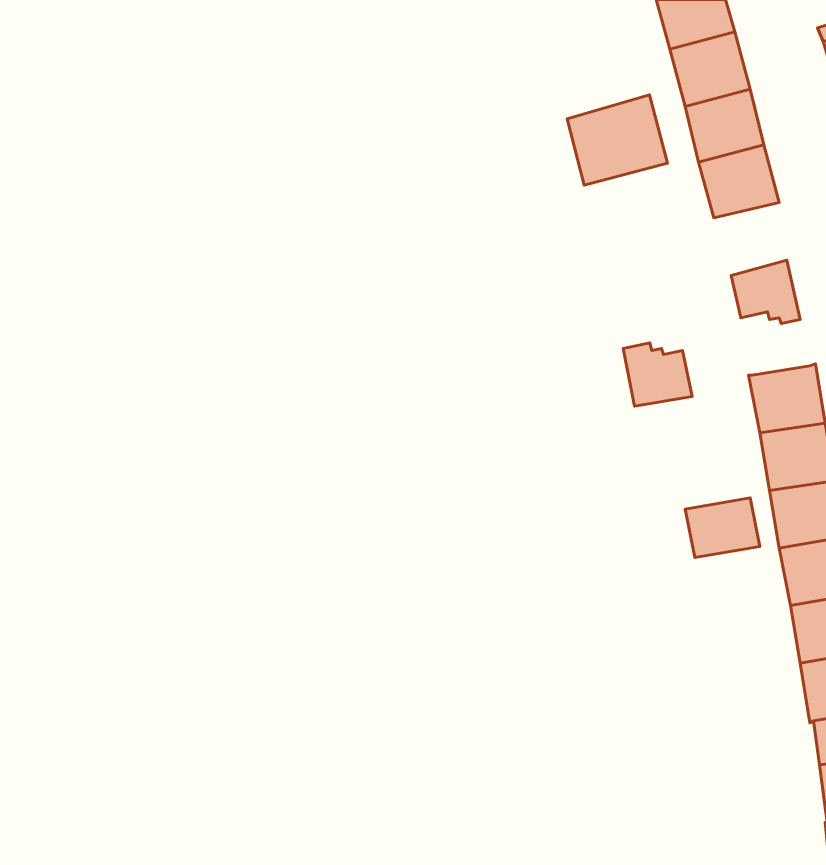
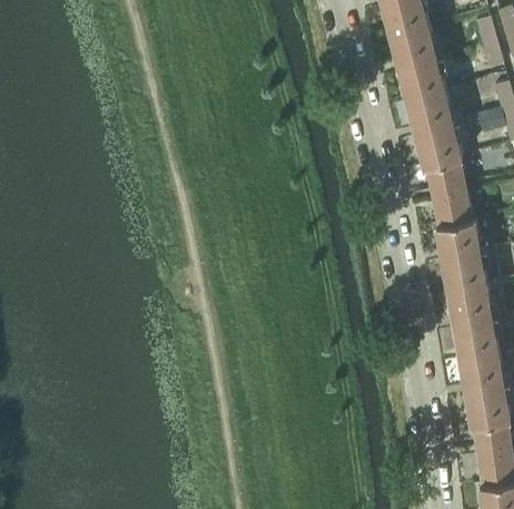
building: [567,95,667,185] -> none
building: none -> [415,121,462,164]
building: [623,343,692,406] -> [431,185,471,222]
building: [685,498,760,558] -> none

